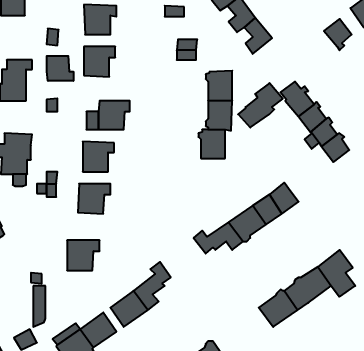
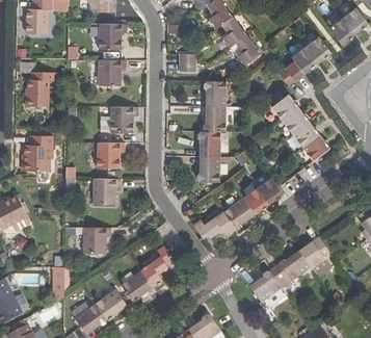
building: [47,56,73,81] -> none
building: [238,83,283,128] -> [277,46,316,84]
building: none -> [196,156,230,180]

